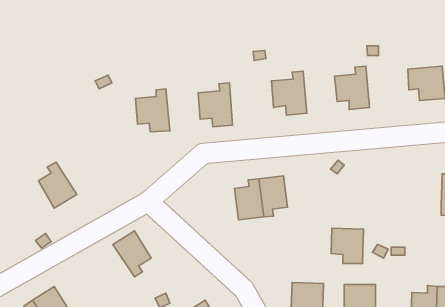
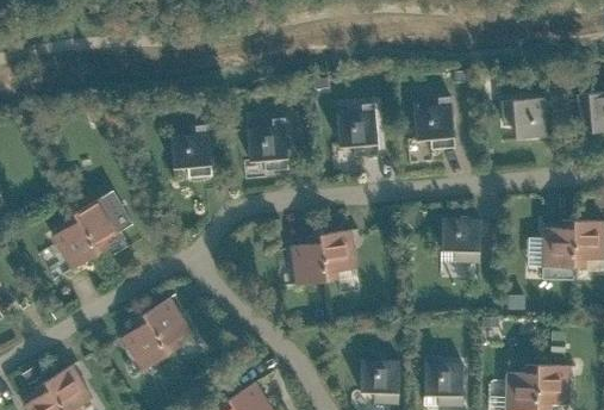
building: none -> [74,190,132,253]
building: [331,228,363,263] -> [441,218,480,261]
building: none -> [122,313,169,369]

